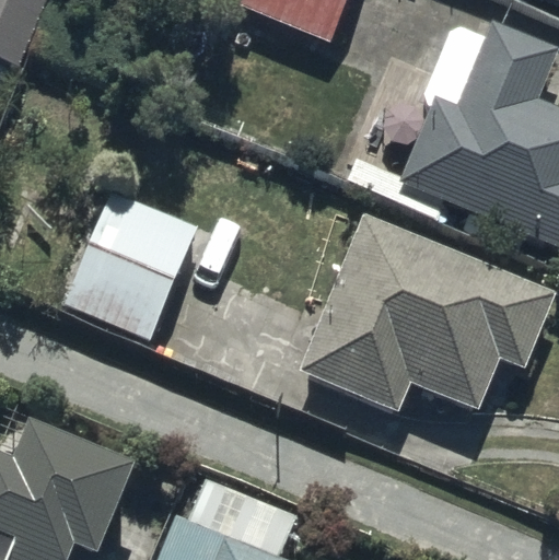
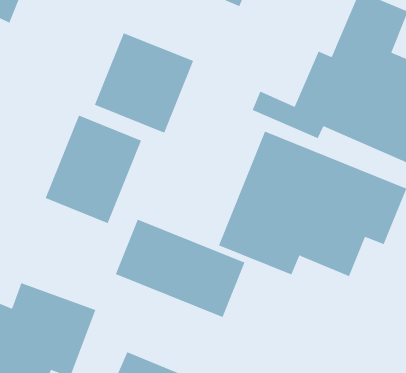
building: none -> [94,32,194,133]
building: none -> [115,219,245,318]

